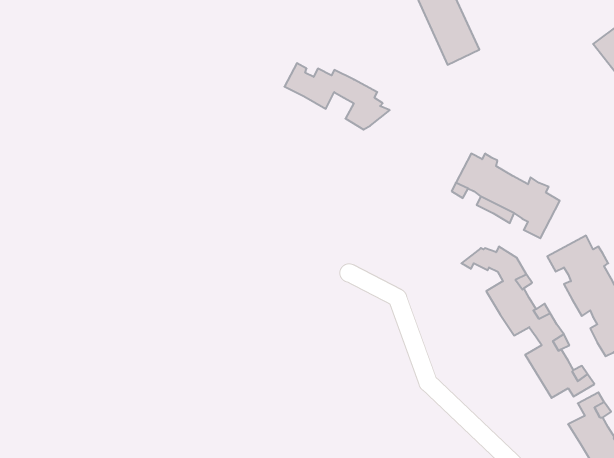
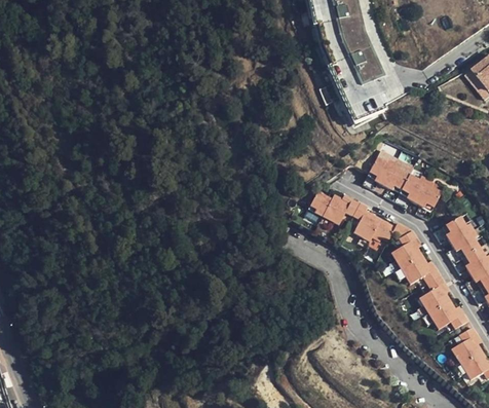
building: [284,63,390,130] -> [308,187,386,236]

